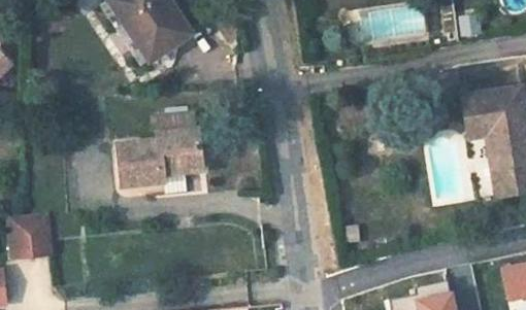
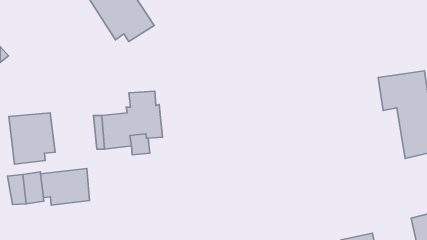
building: none -> [9,113,55,164]
building: none -> [41,168,90,205]

